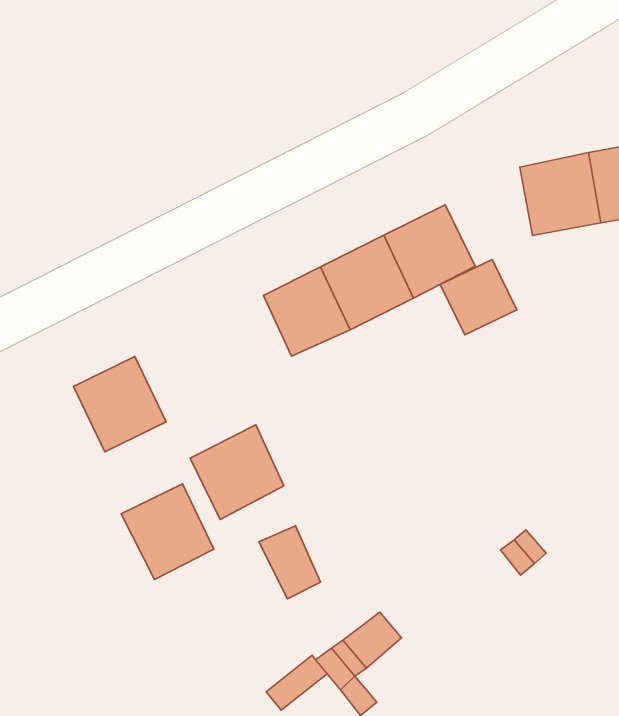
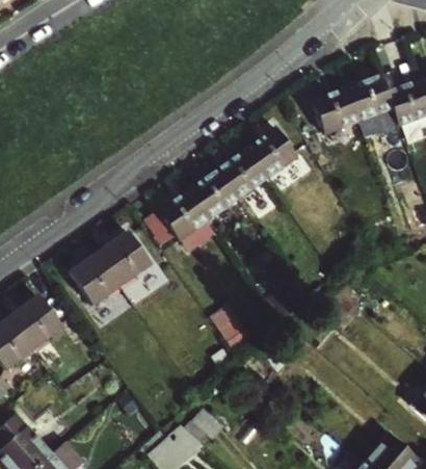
building: [440,260,517,335] -> none
building: [190,425,284,519] -> [159,189,210,241]
building: [121,484,214,580] -> [71,253,122,305]

